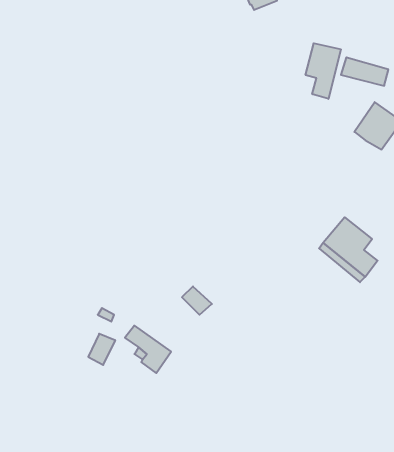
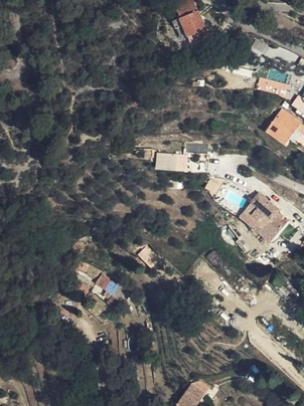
building: [306,43,341,99] -> none
building: none -> [156,153,187,170]

